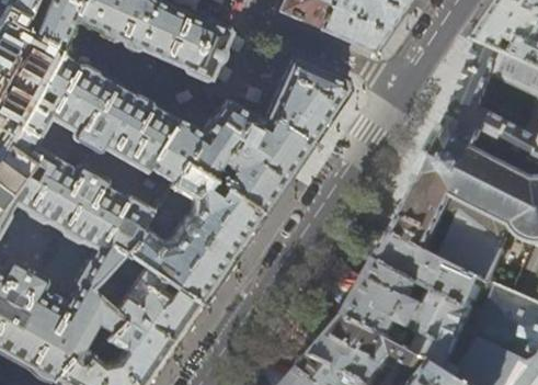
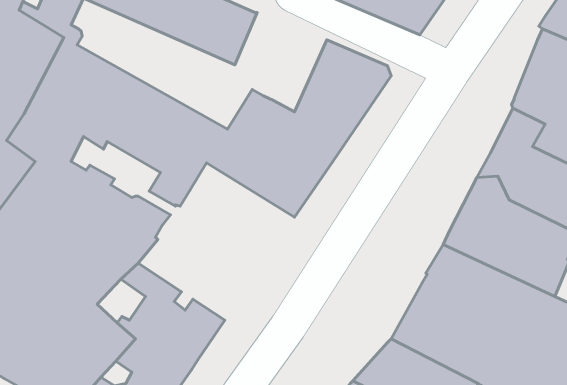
building: [124,166,262,305] -> none

